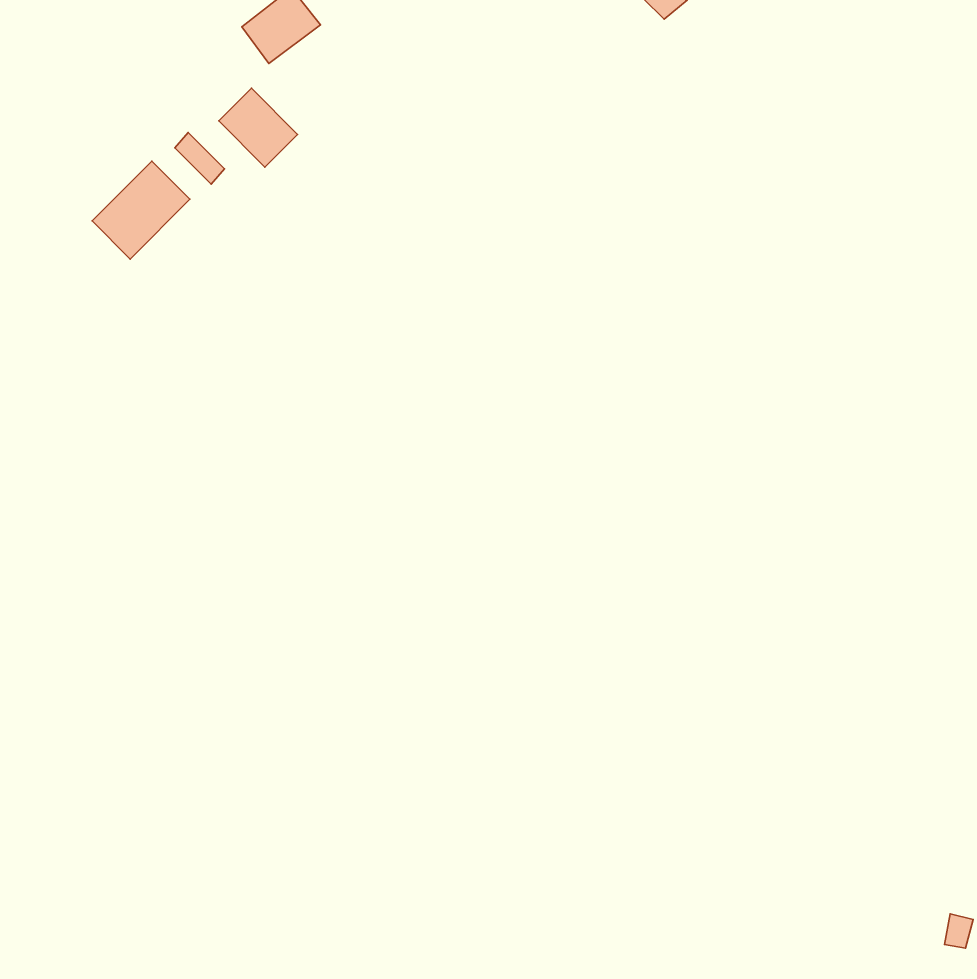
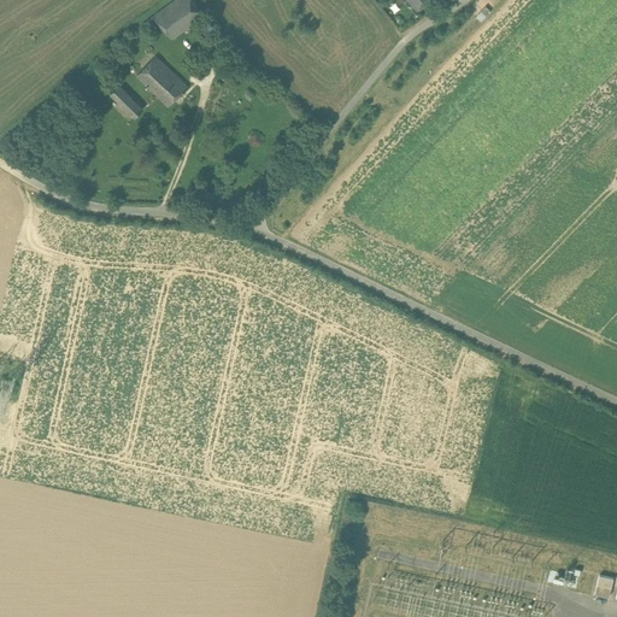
building: [92,161,190,259] -> none

